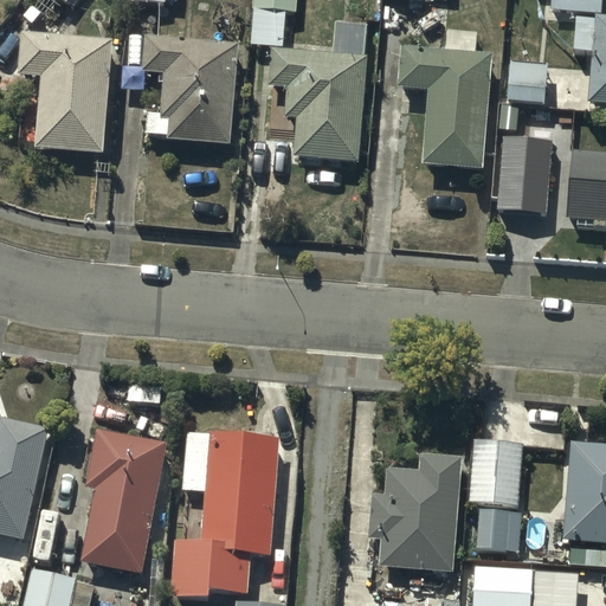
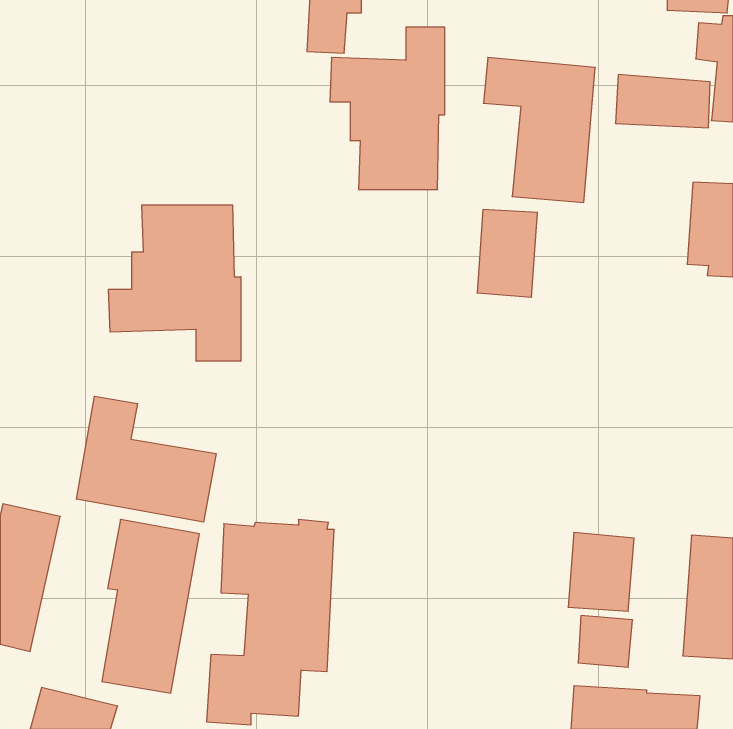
building: [24,32,115,154] -> none
building: [146,34,239,142] -> none
building: [501,141,550,213] -> [477,210,537,297]
building: none -> [109,205,241,361]
building: none -> [77,396,216,522]
building: [367,452,463,572] -> none

